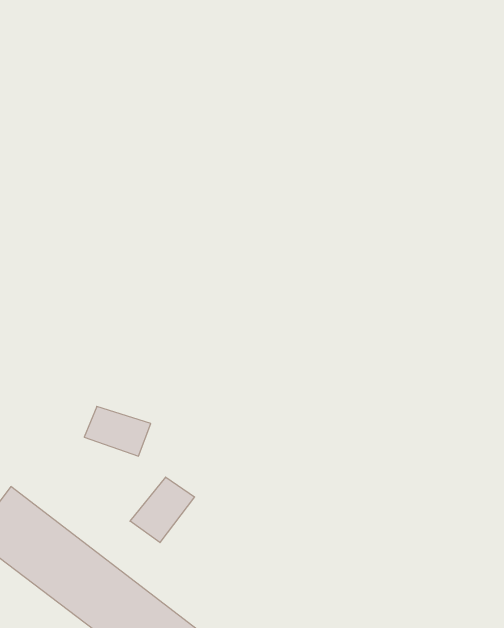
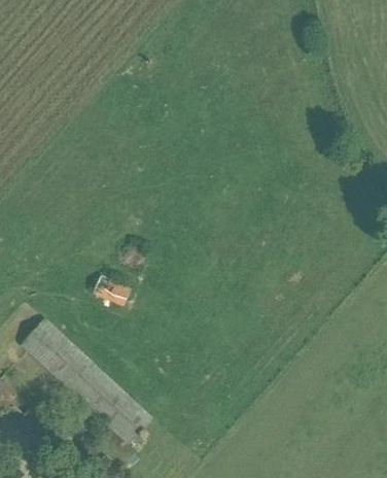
building: [130,477,195,543] -> none

